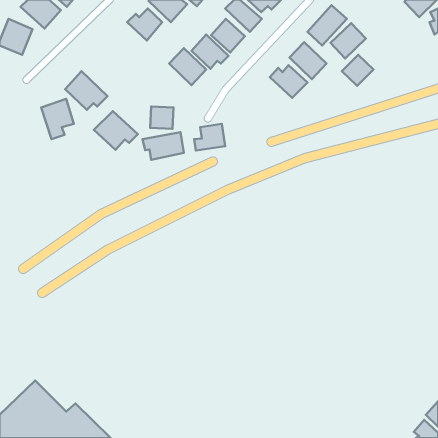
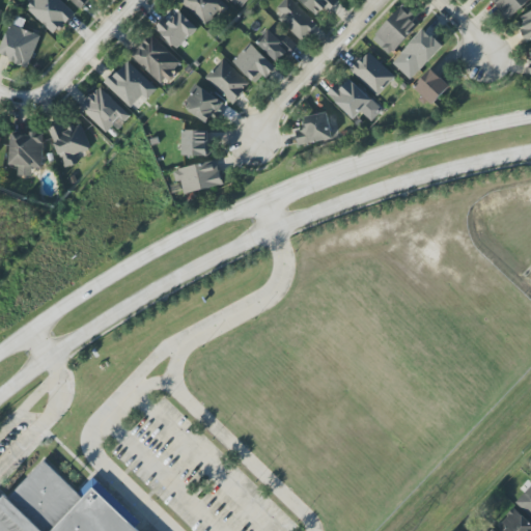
building: none -> [131,34,181,84]
building: none -> [181,84,222,123]
building: none -> [8,132,43,175]
building: [94,111,138,150] -> [104,60,157,107]
building: [194,124,225,150] -> [295,112,332,144]

